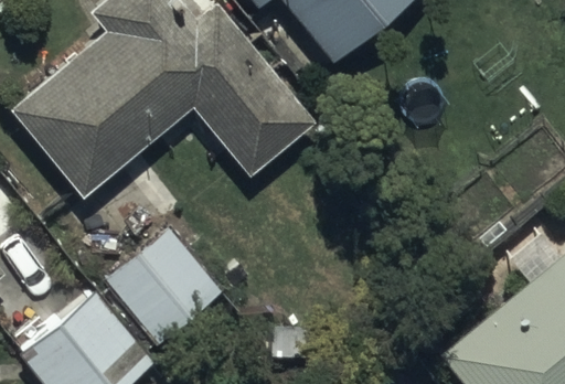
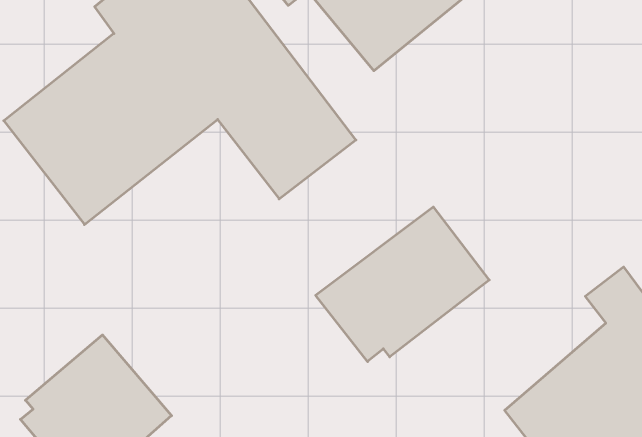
building: none -> [316,207,489,362]
building: [104,226,224,346] -> none

